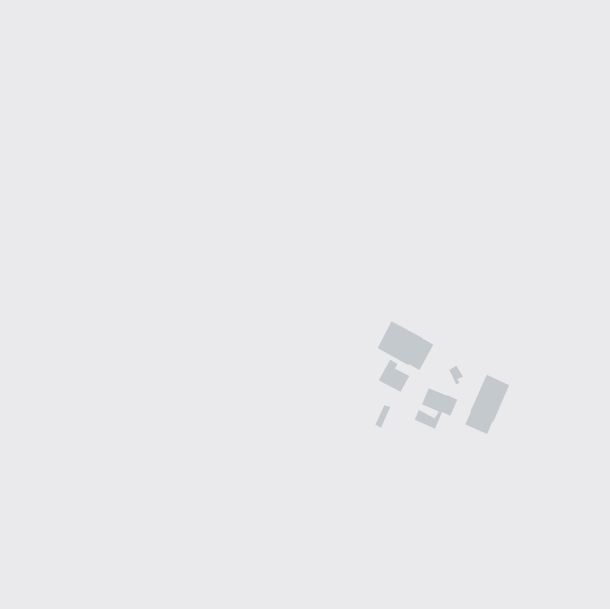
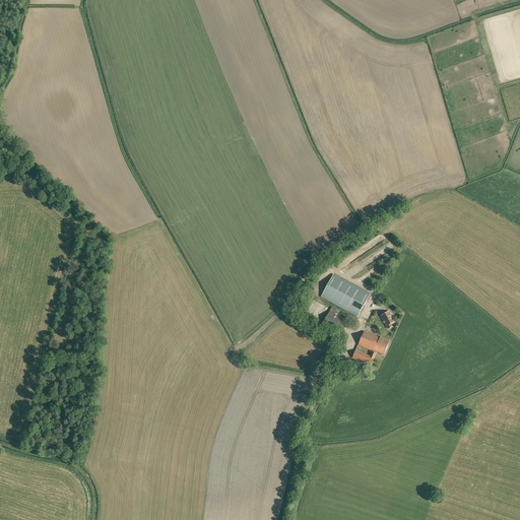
building: [465,374,510,435] -> none

